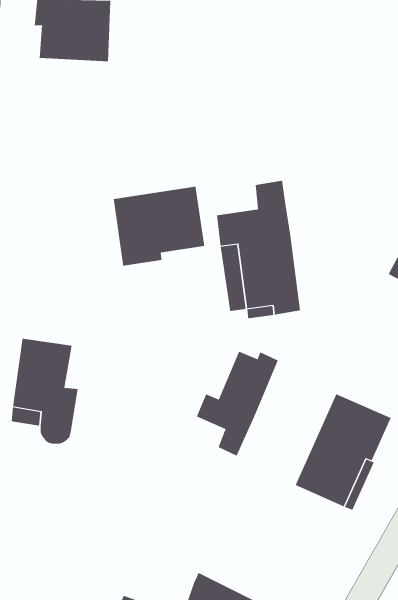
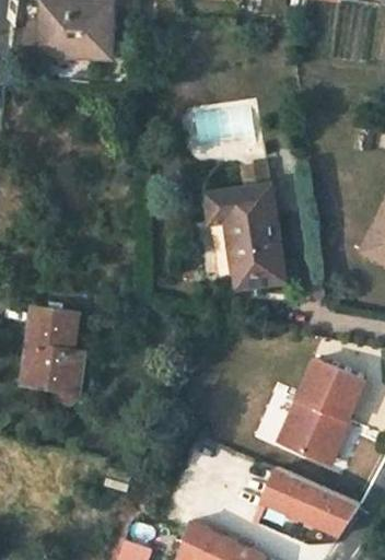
building: [113,186,205,266] -> none
building: [196,351,279,457] -> none
building: none -> [261,467,361,535]

